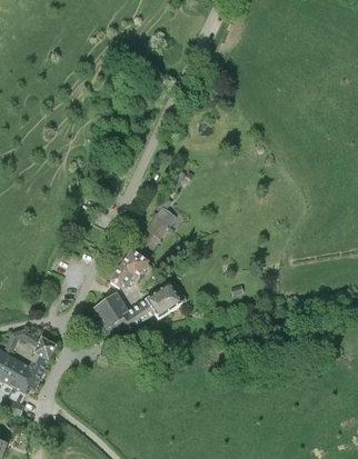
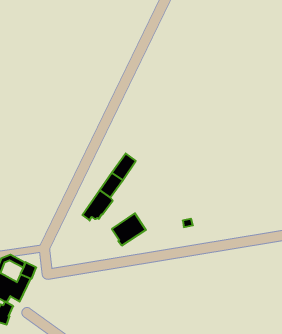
building: [95,293,155,333] -> none

